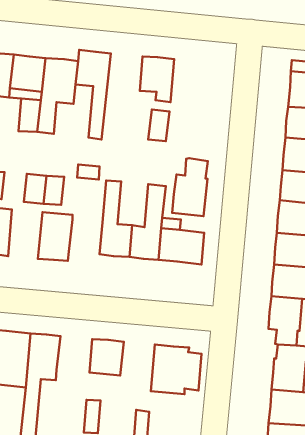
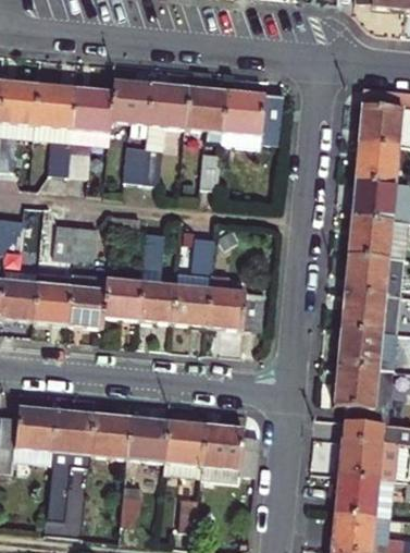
building: none -> [141,83,189,185]
building: none -> [222,89,278,144]
building: [172,158,208,216] -> none
building: none -> [33,265,73,322]
building: none -> [103,276,142,317]
building: none -> [89,413,131,455]
building: none -> [162,419,203,477]

